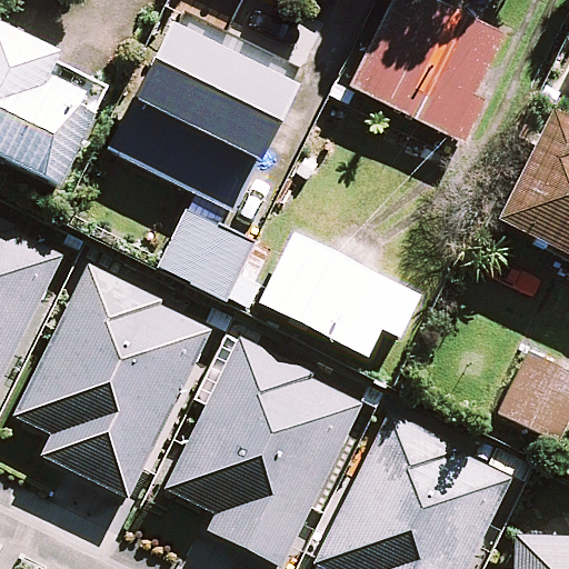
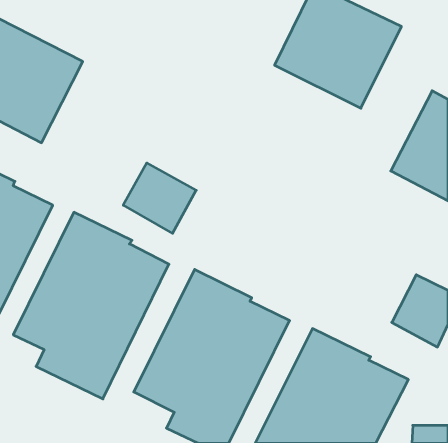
building: [106,20,292,209] -> none
building: [257,230,415,350] -> none

